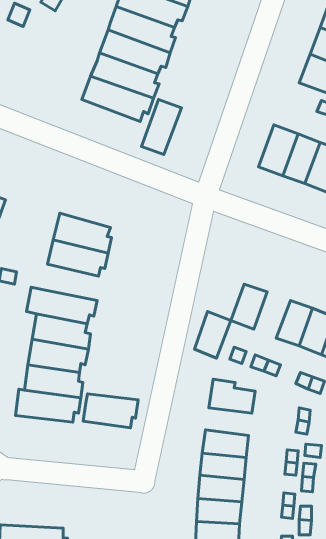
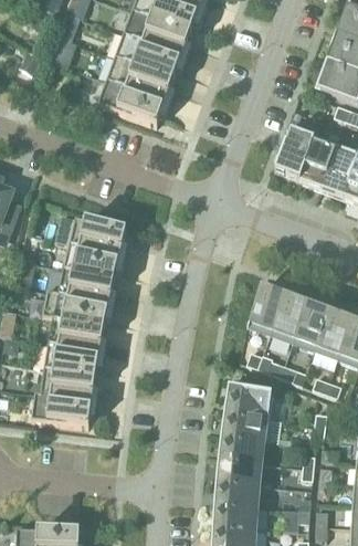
building: [142,99,182,154] -> none
building: none -> [57,269,116,305]
building: [194,312,231,358] -> [270,296,306,343]
building: [83,394,138,428] -> none
building: none -> [221,412,267,440]

